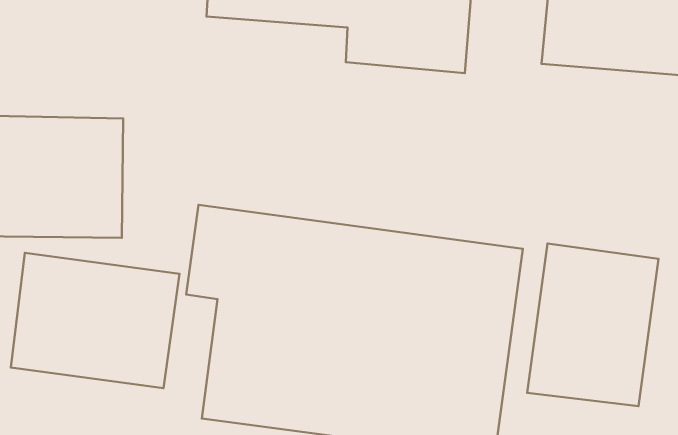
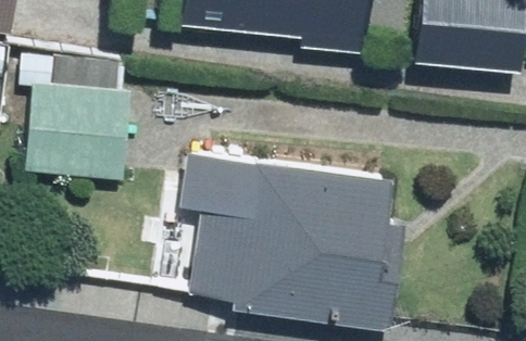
building: [527,243,658,406] -> none
building: [11,253,179,388] -> none

